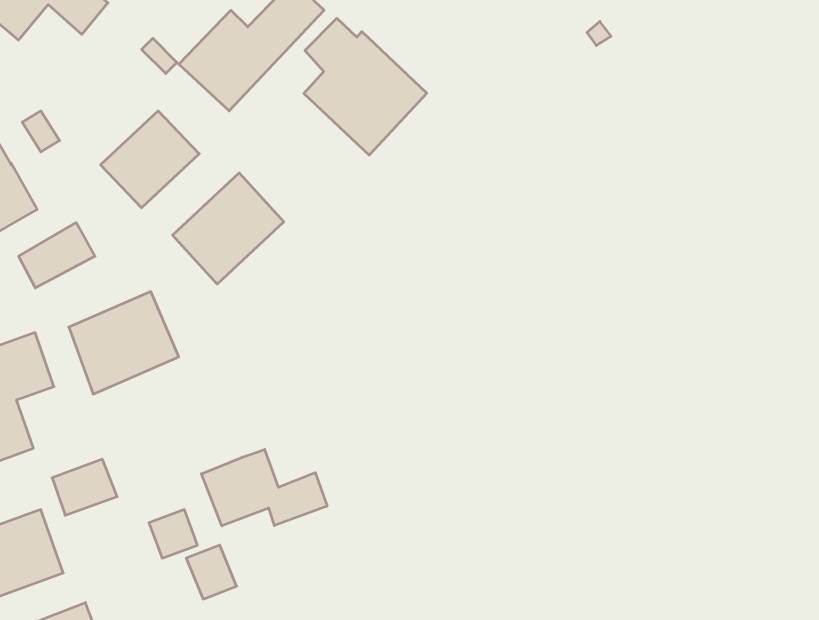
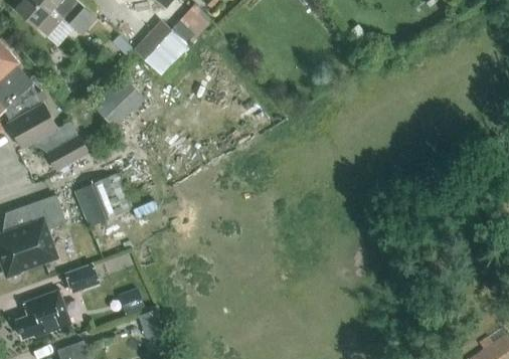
building: [304,18,427,155] -> none
building: [173,173,284,284] -> none
building: [201,449,327,526] -> none

